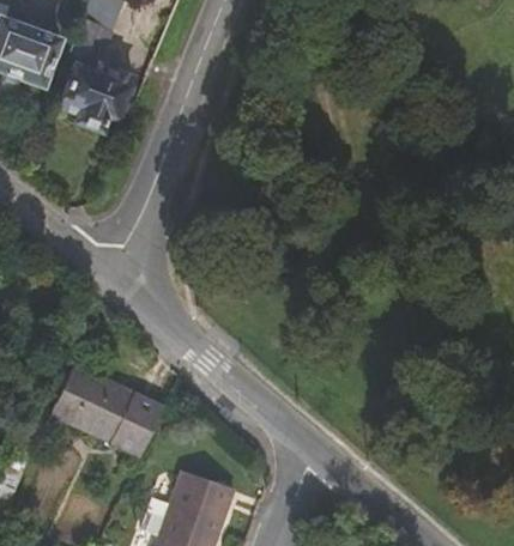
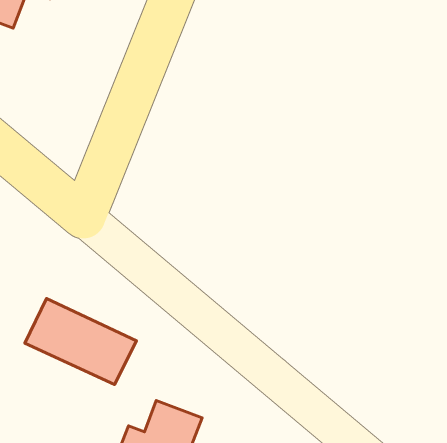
building: [59,63,131,127] -> none

